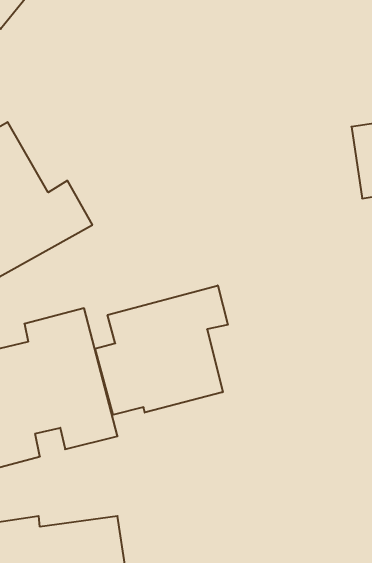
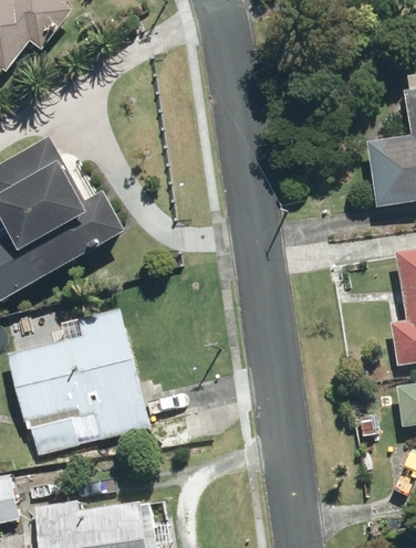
building: [95,285,228,415] -> none

